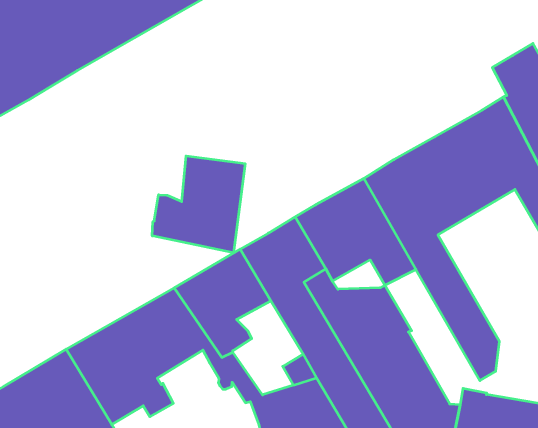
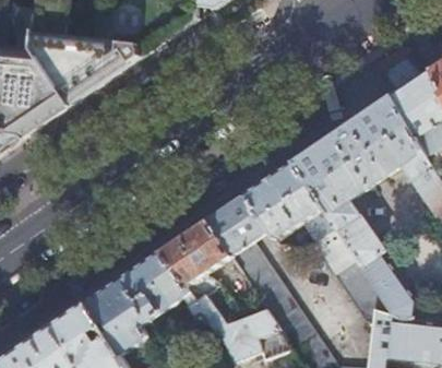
building: [152,156,245,253] -> none
building: none -> [312,225,392,321]

